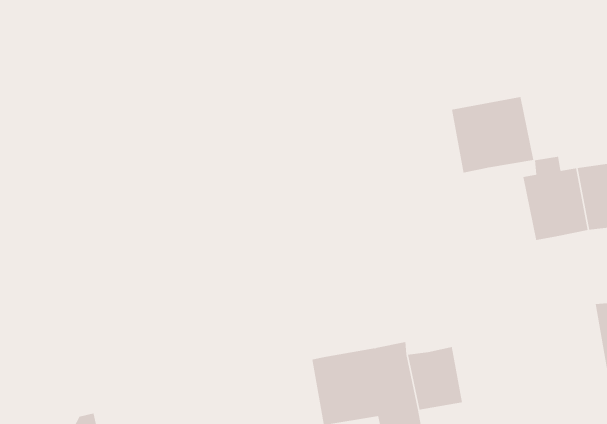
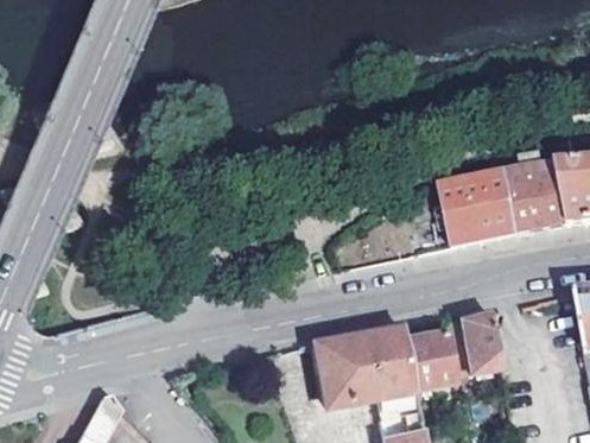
building: [451,97,534,173] -> [446,173,522,243]
building: none -> [456,310,501,373]

